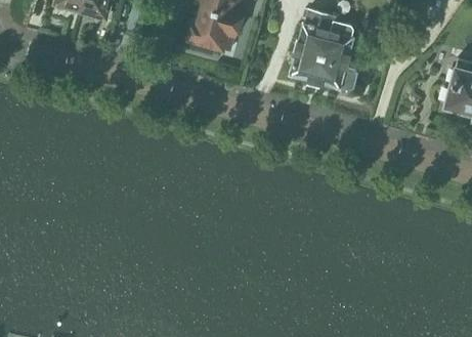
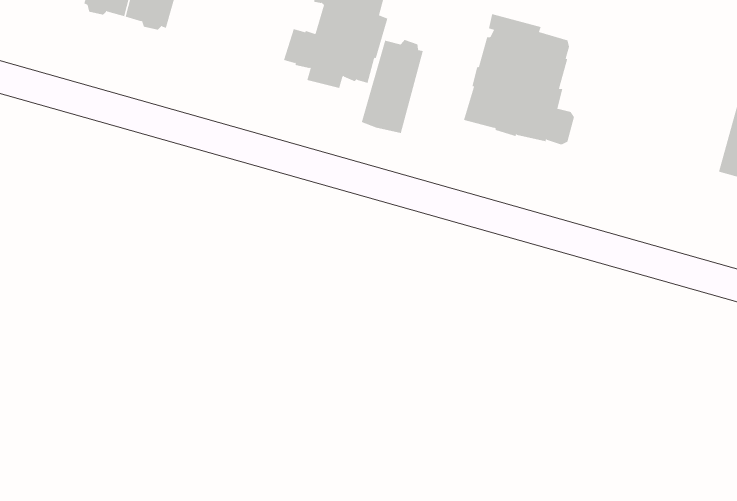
building: none -> [361,39,423,134]

